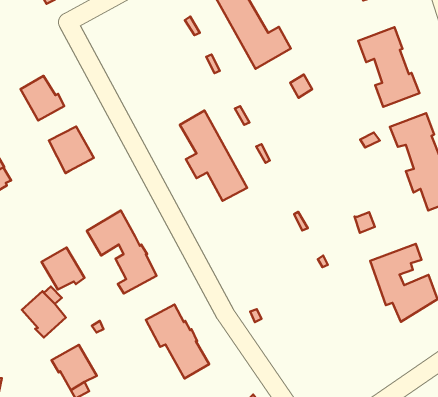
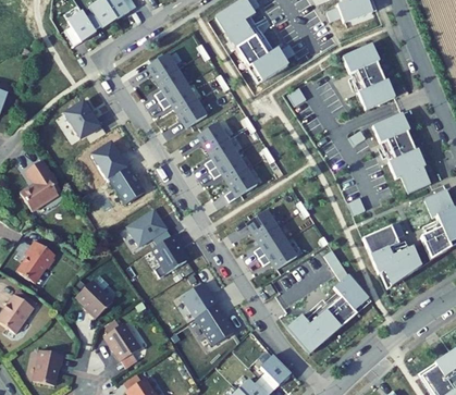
building: none -> [147,52,207,126]
building: none -> [109,165,144,202]
building: none -> [247,209,297,268]
building: [42,247,85,289] -> none
building: none -> [286,249,368,349]

